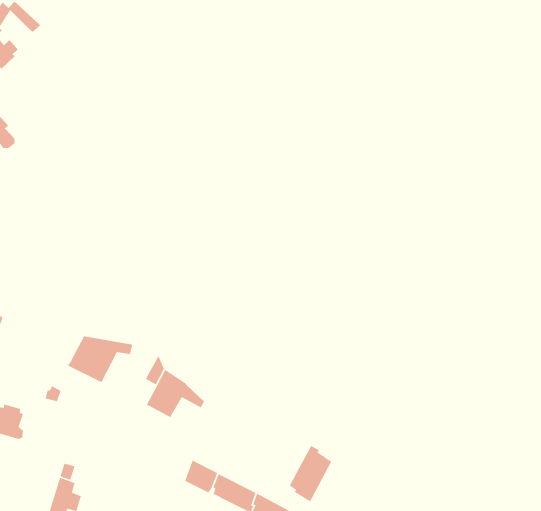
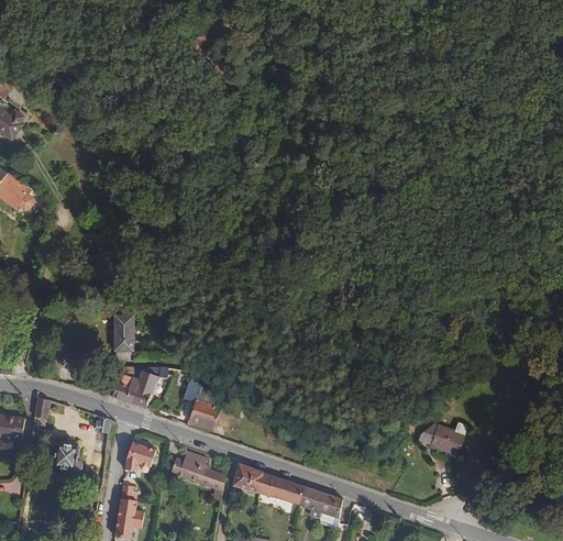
building: none -> [114,316,133,361]
building: none -> [124,441,155,472]
building: none -> [169,450,223,500]
building: [289,445,332,503] -> none
building: none -> [417,421,465,456]

